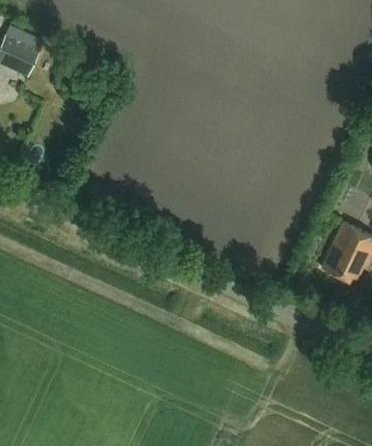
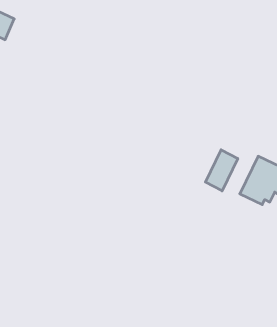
building: none -> [205,150,238,191]

